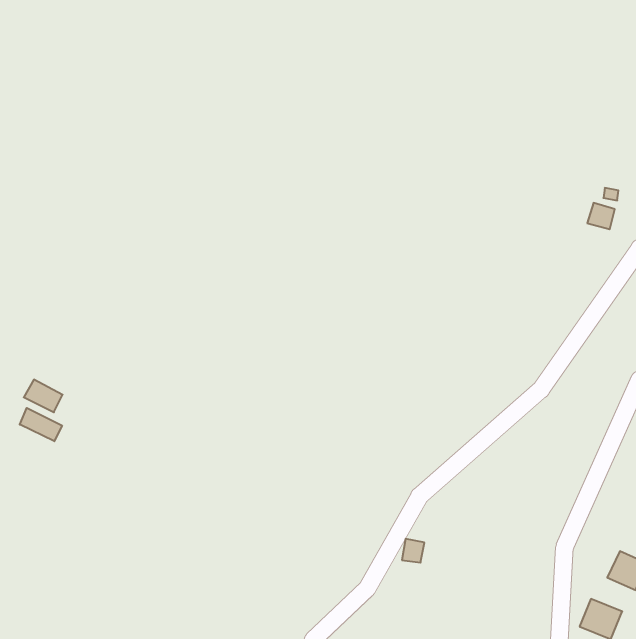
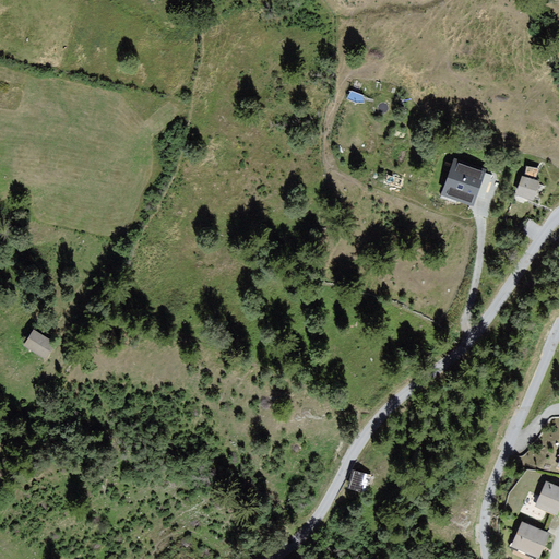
building: none -> [447,158,489,205]
building: [20,408,62,441] -> none

